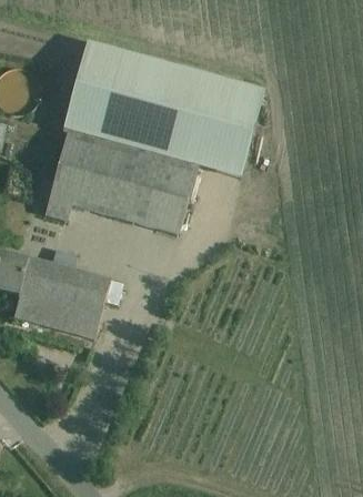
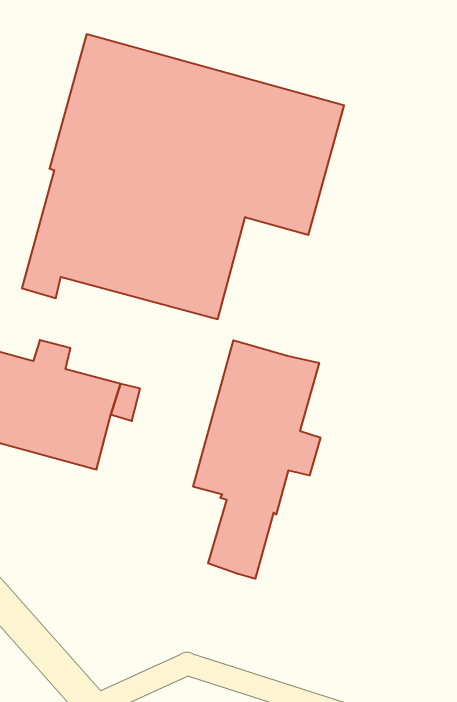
building: none -> [193,340,320,579]

